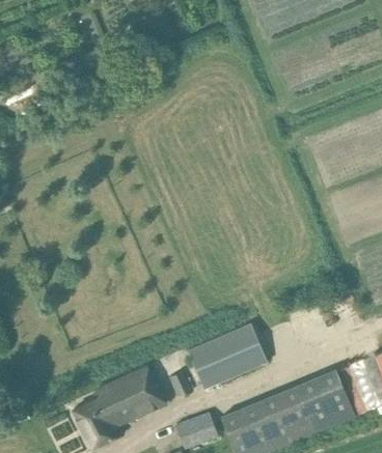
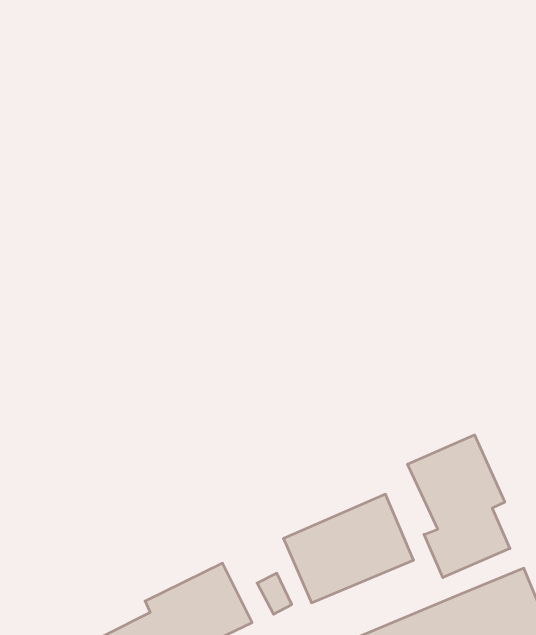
building: none -> [408,435,510,578]

